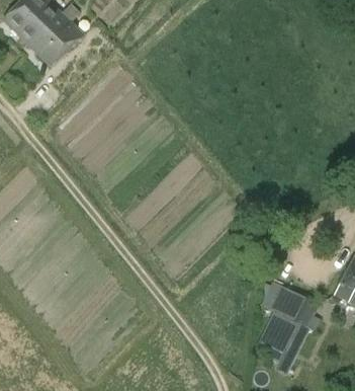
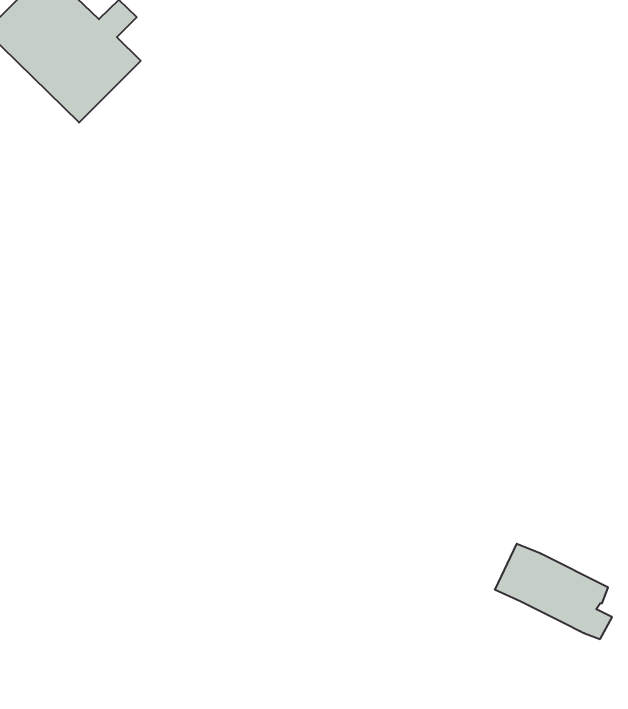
building: [257,311,297,360] -> none

